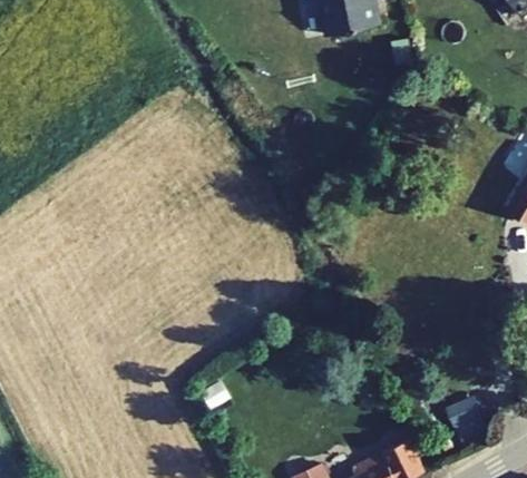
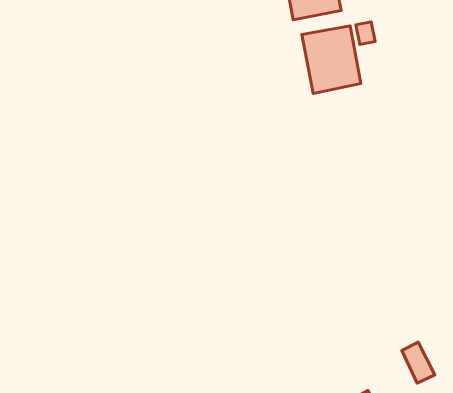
building: none -> [302,26,361,93]

